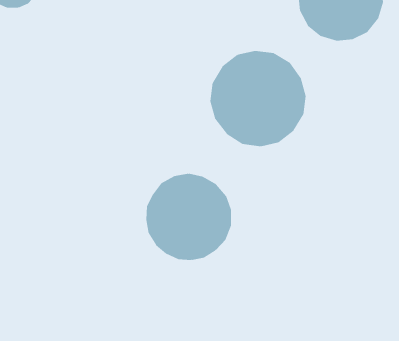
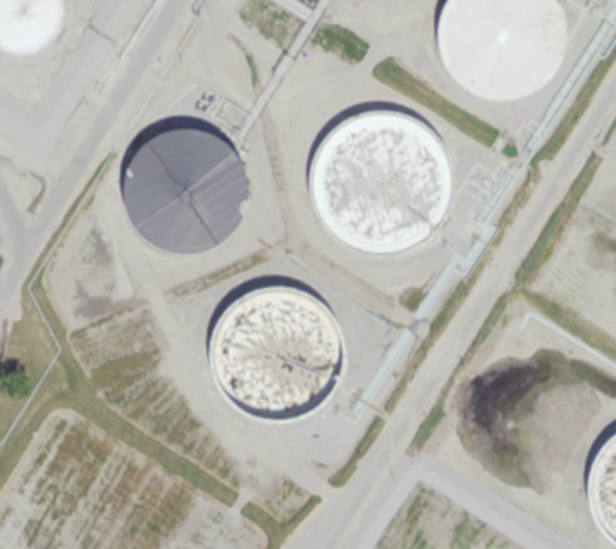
building: none -> [122,123,248,249]

